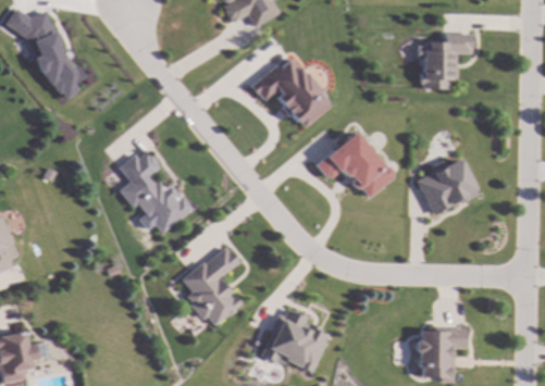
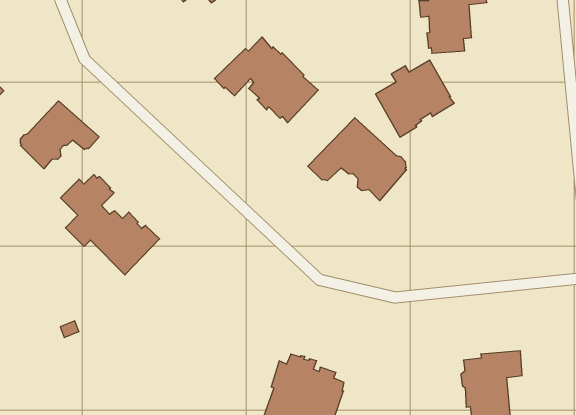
building: none -> [20,101,99,169]
building: [417,158,478,215] -> [376,60,454,137]
building: [182,247,241,325] -> none

